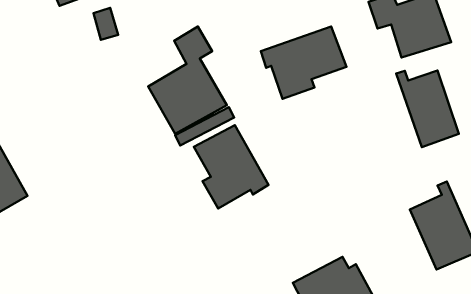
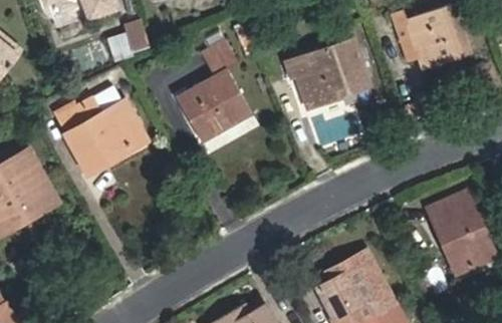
building: [396,71,459,147] -> none
building: none -> [63,93,147,175]
building: [194,125,269,209] -> none

